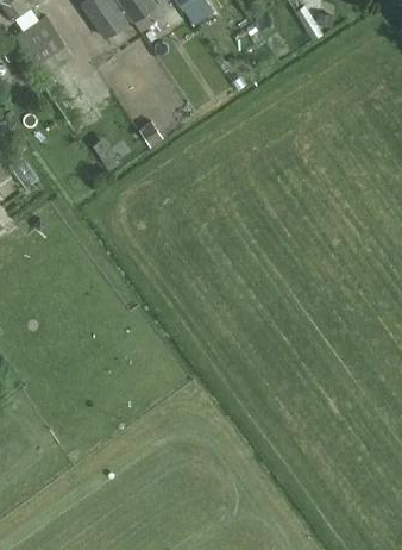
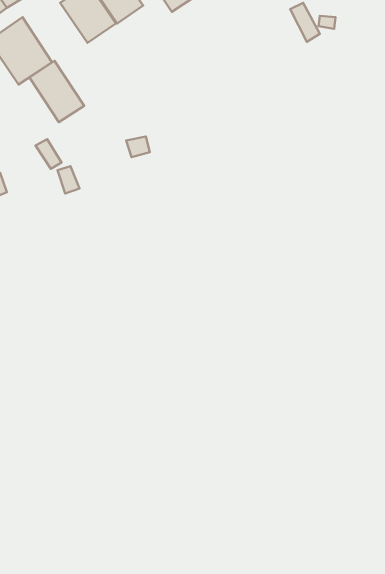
building: none -> [29,61,84,122]

